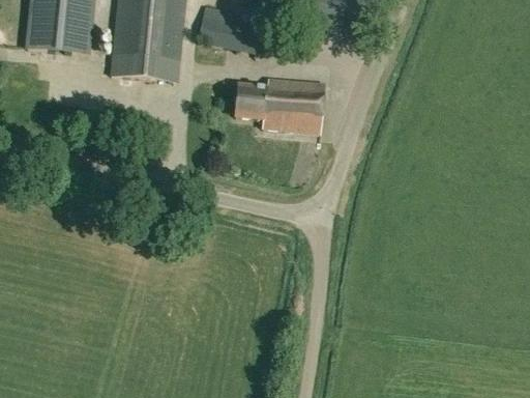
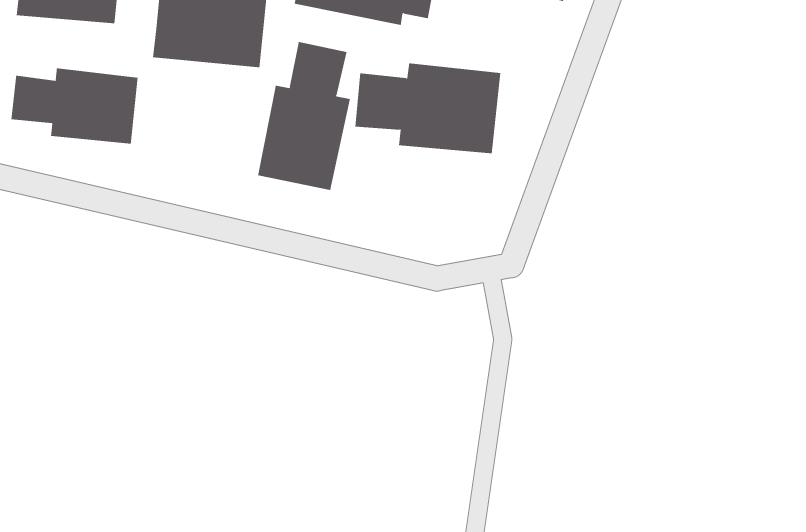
building: none -> [258,41,350,191]
building: none -> [11,67,138,145]

